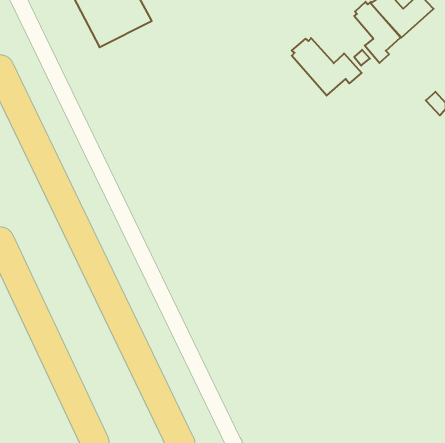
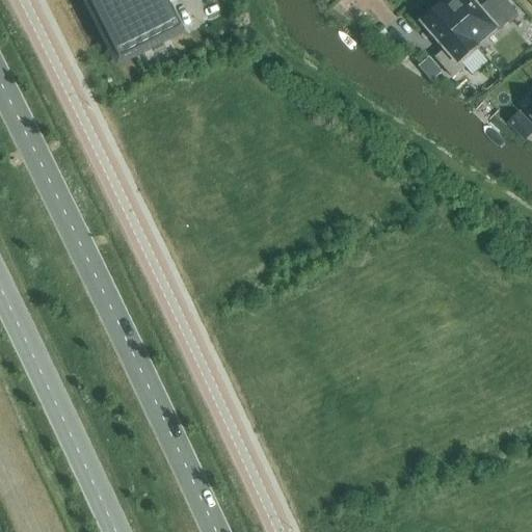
building: [292,38,362,96] -> none

